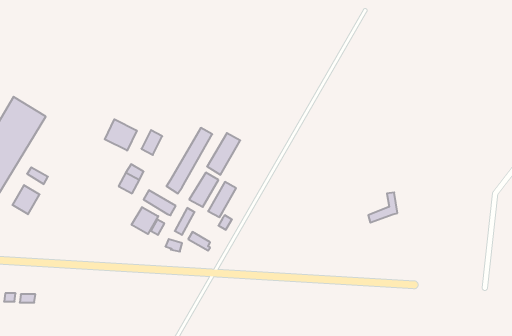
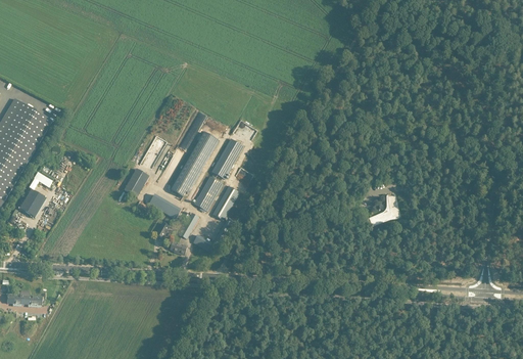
building: [105,119,137,151] -> none
building: [132,207,158,234] -> none

